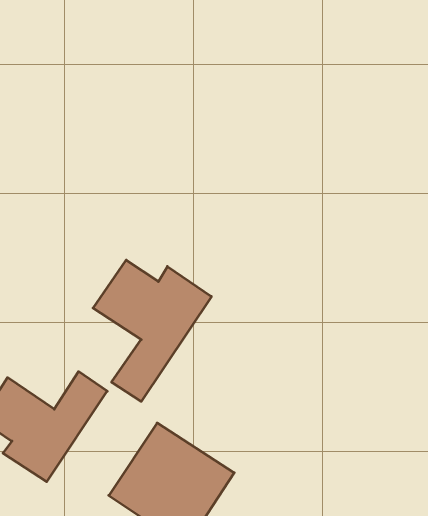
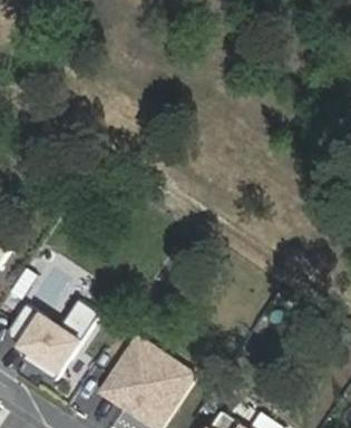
building: [93,260,211,401] -> none

